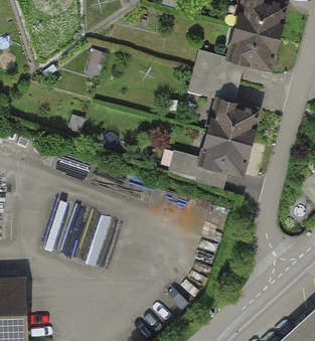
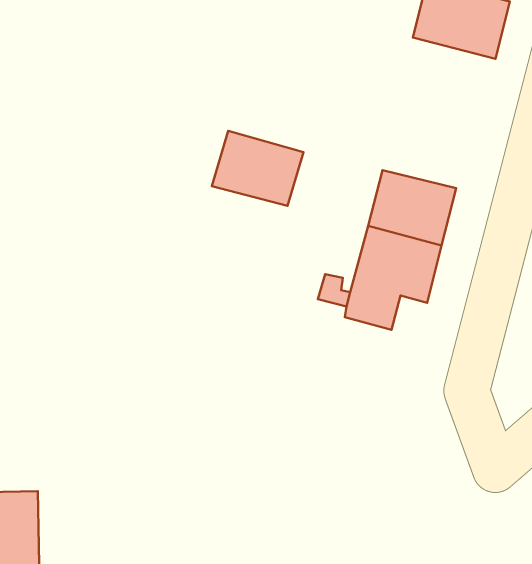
building: [225,24,280,68] -> none
building: [189,54,241,97] -> [212,131,303,206]

